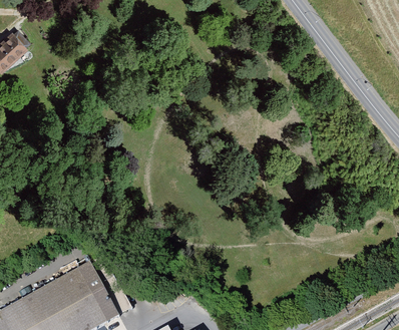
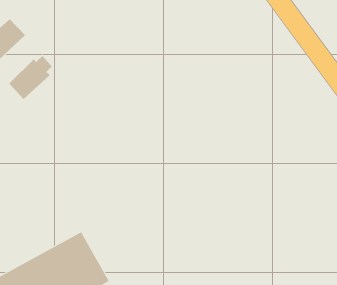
building: none -> [9,55,52,100]

